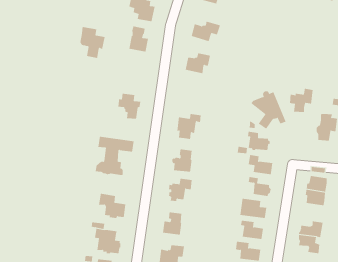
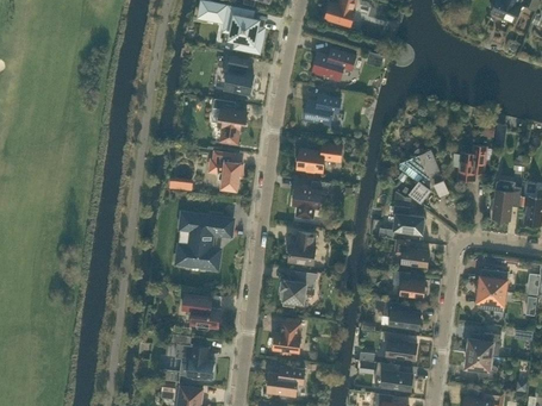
building: [79,27,105,59] -> [211,99,248,144]
building: none -> [295,144,343,173]

